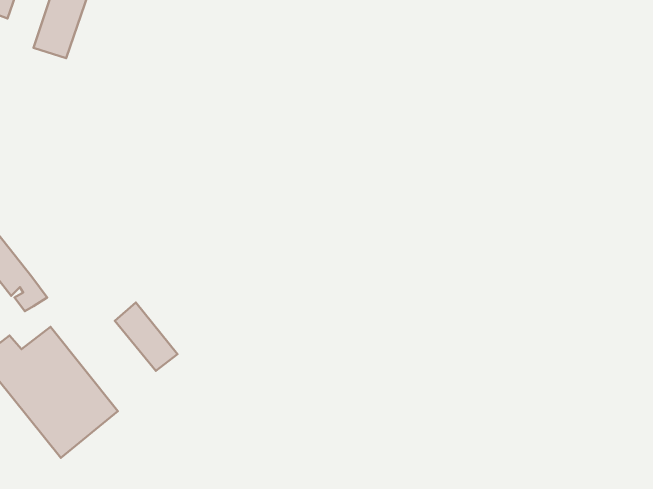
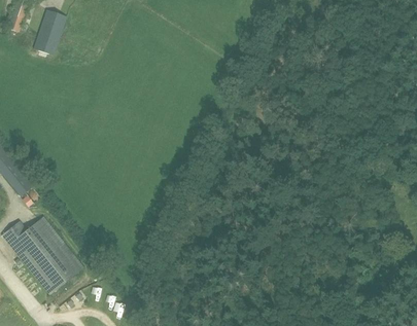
building: [115,302,177,371] -> none

